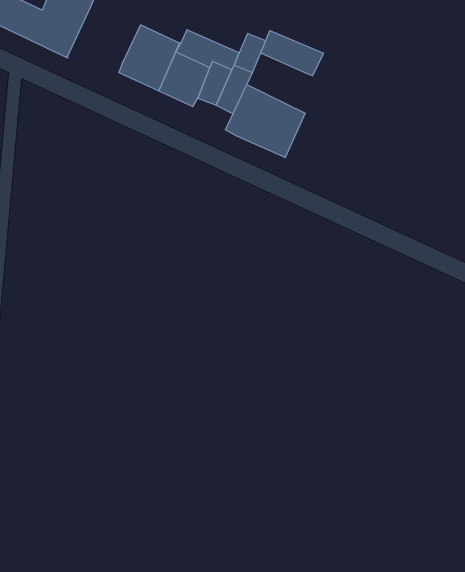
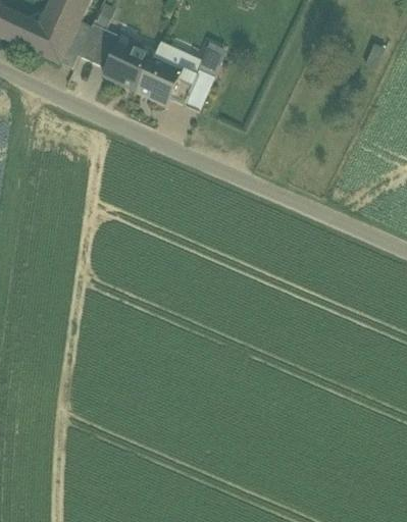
building: none -> [59,18,120,66]
building: [261,31,324,76] -> none
building: [226,85,305,158] -> none

